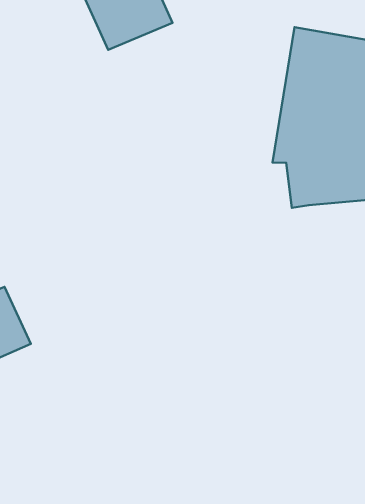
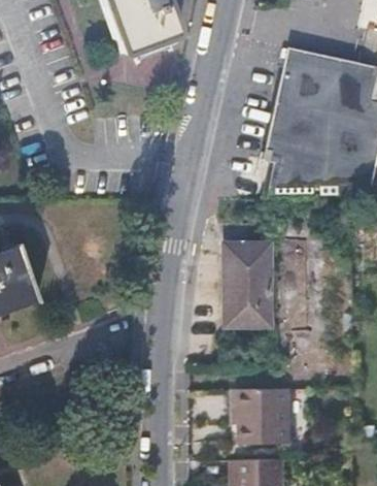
building: none -> [227,241,272,325]
building: none -> [239,384,290,439]

